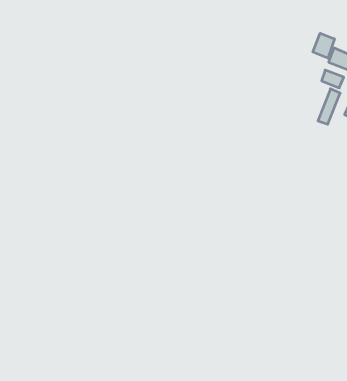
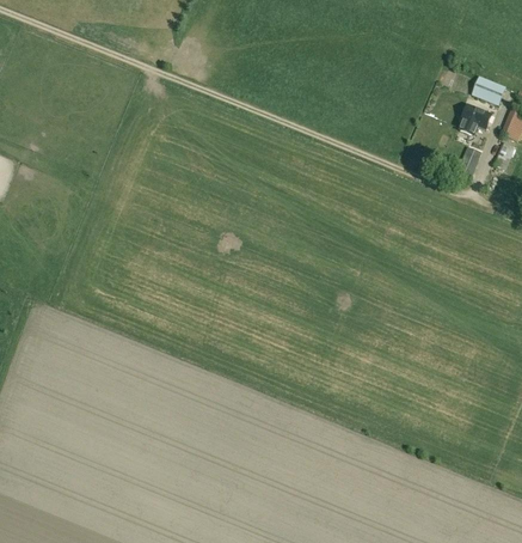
building: [313,33,334,58] -> none

